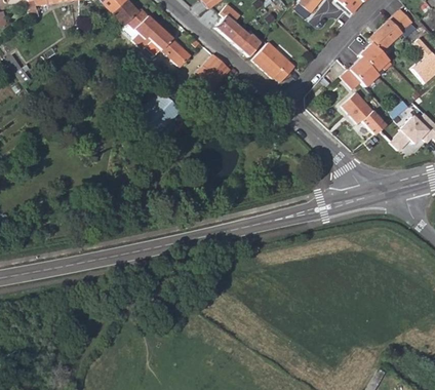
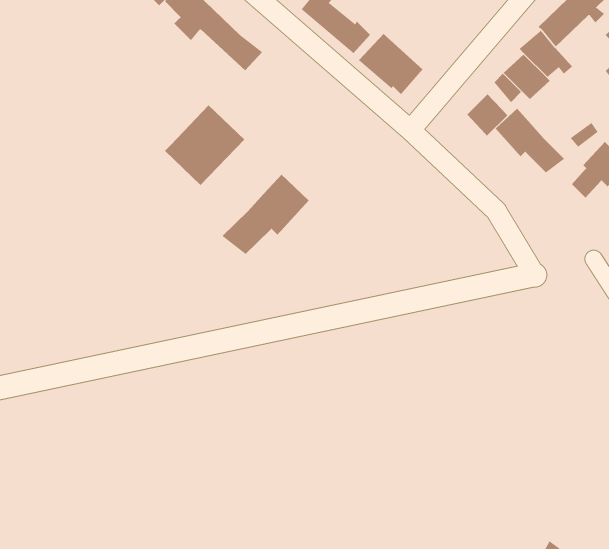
building: [196,54,231,91] -> none
building: none -> [466,94,508,136]
building: none -> [221,174,310,255]

